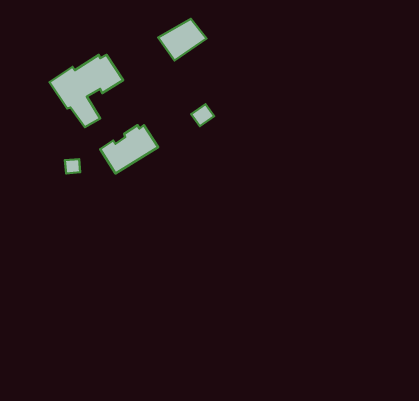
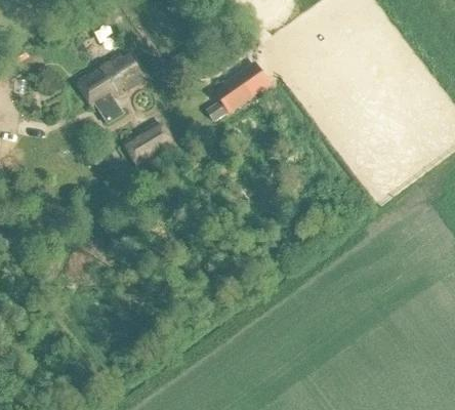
building: [158,19,206,61] -> [228,68,273,107]

